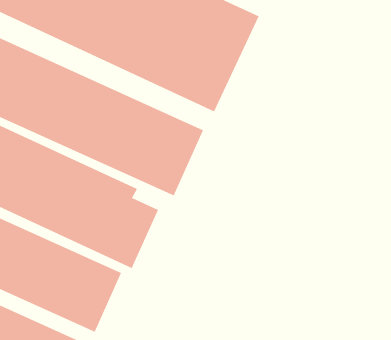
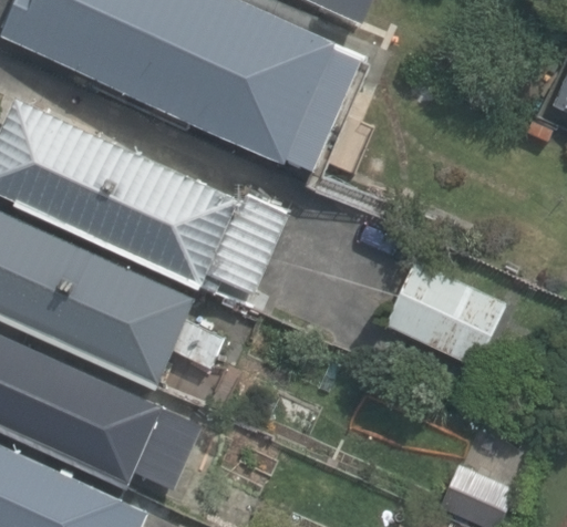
building: none -> [375,254,506,370]

